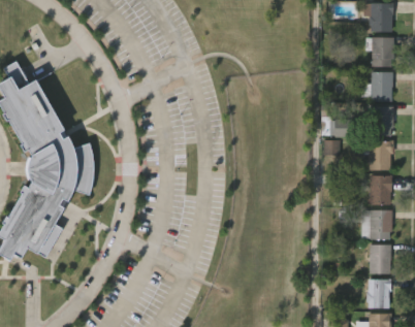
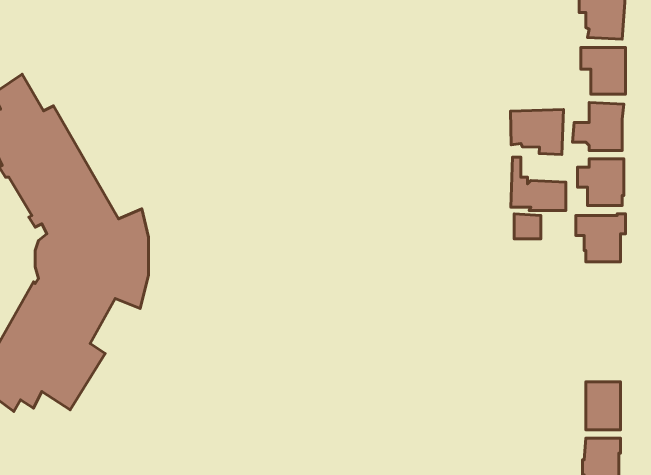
building: none -> [510,110,563,154]
building: [363,175,390,205] -> none
building: [360,210,391,240] -> none

